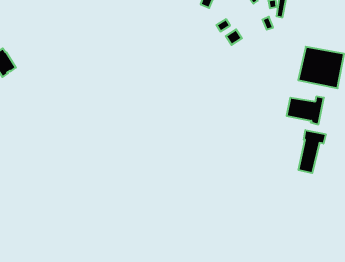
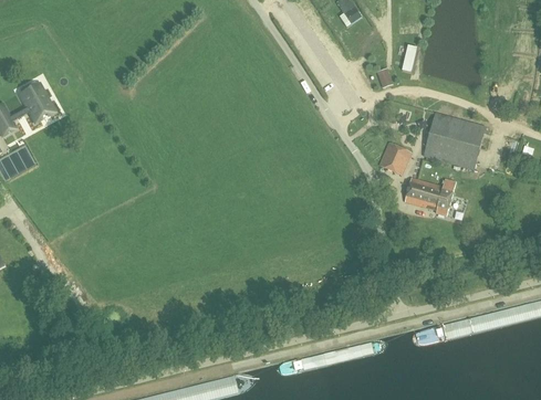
building: none -> [378,143,410,173]
building: [299,130,326,173] -> none

